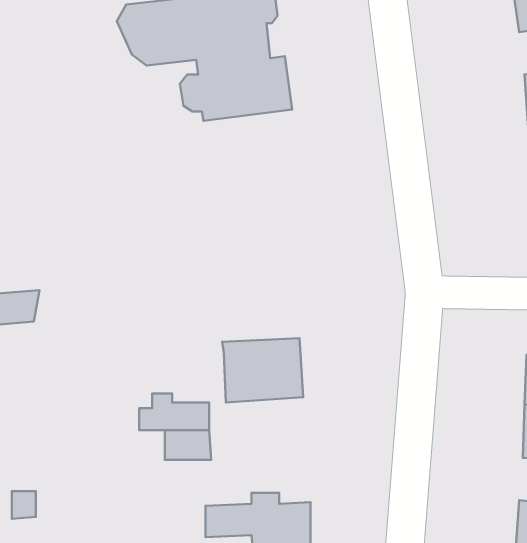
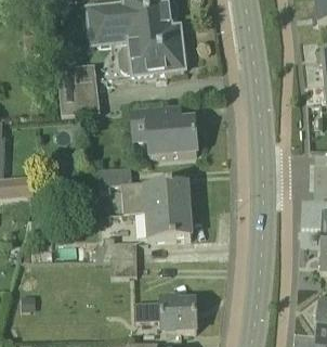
building: none -> [58,67,97,116]
building: none -> [131,105,198,154]
building: none -> [97,166,189,213]

